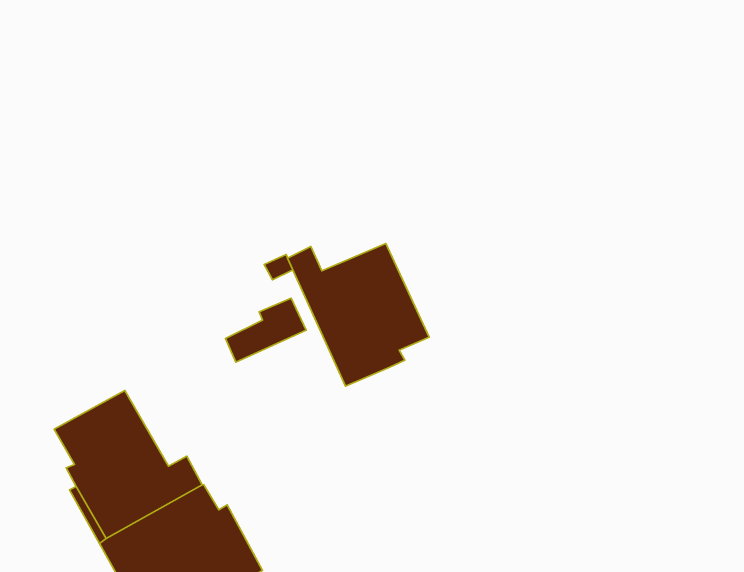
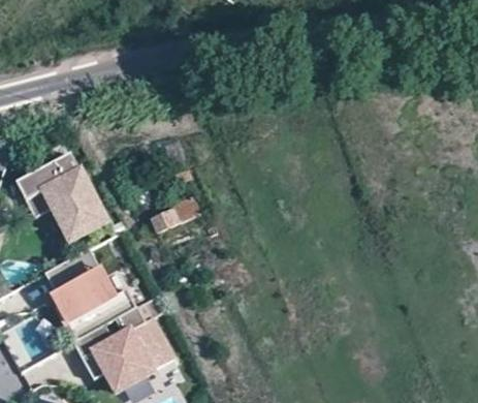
building: none -> [18,151,109,239]
building: [288,244,429,386] -> none

